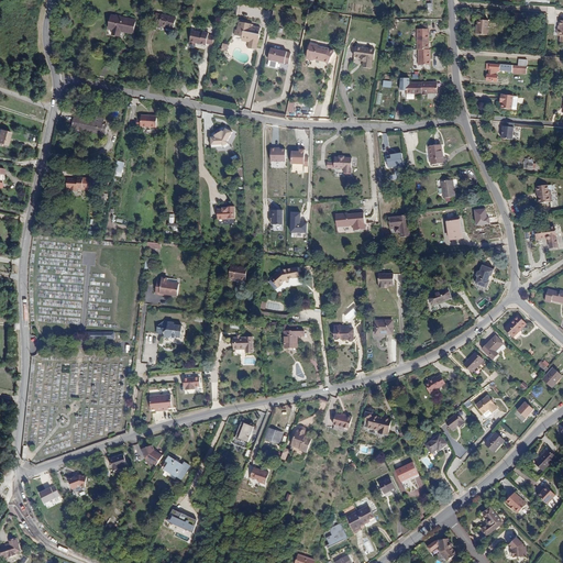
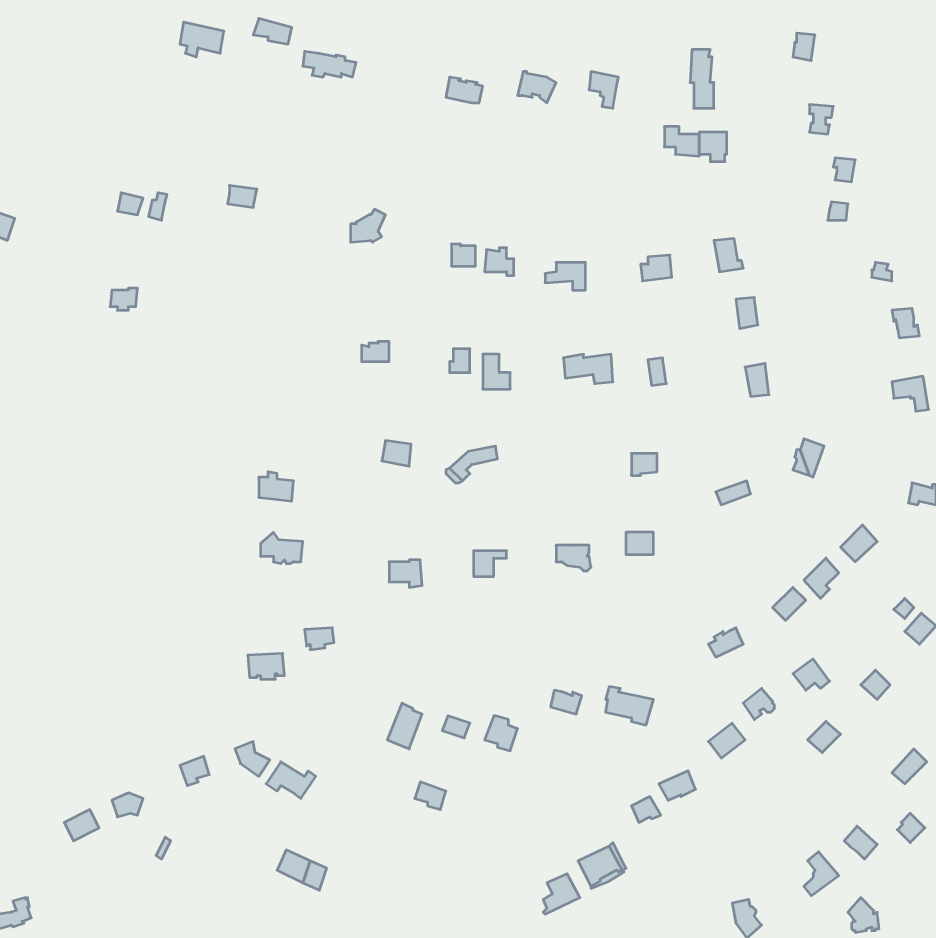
building: [233,21,260,48] -> none

